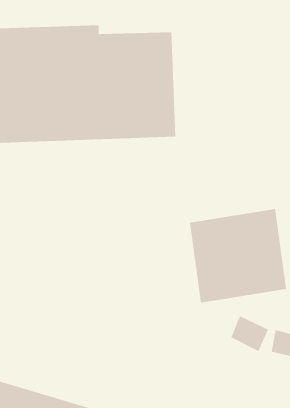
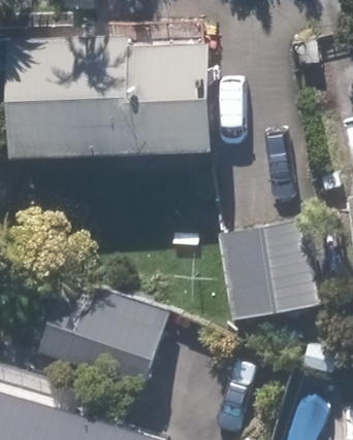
building: none -> [33,274,162,388]

